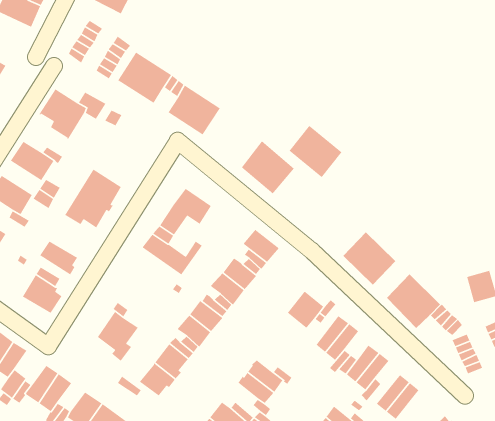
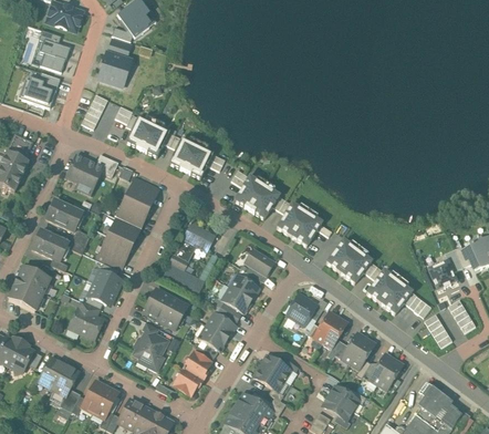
building: none -> [114,176,156,228]
building: [288,125,342,178] -> [277,204,321,246]
building: none -> [85,265,119,290]
building: none -> [143,289,187,329]

